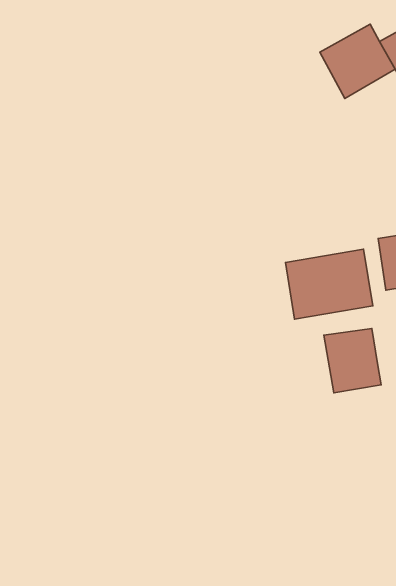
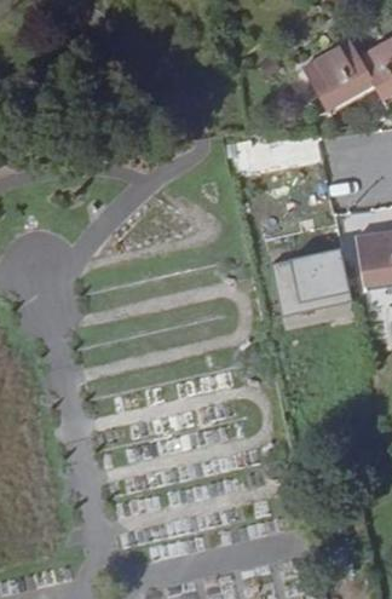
building: [324,328,381,393] -> none

